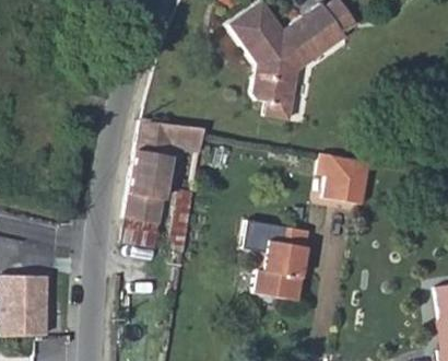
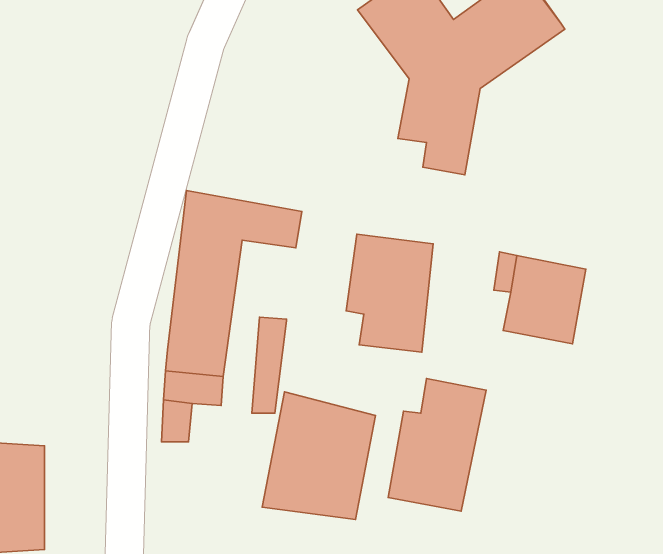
building: none -> [346,234,433,352]
building: none -> [262,392,376,519]

